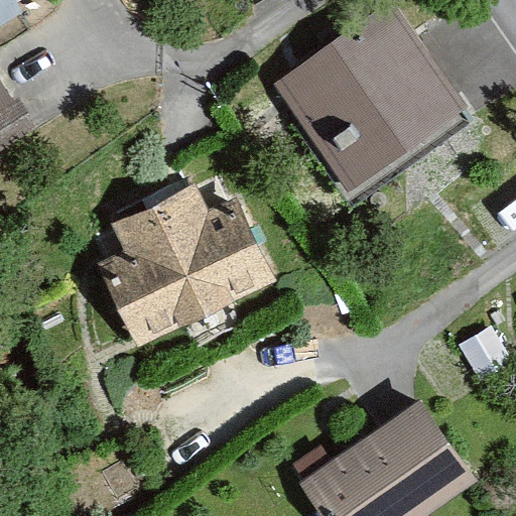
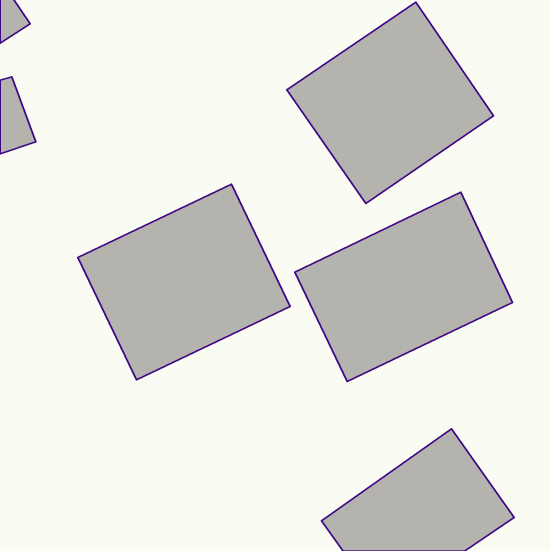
building: none -> [295,192,513,382]

